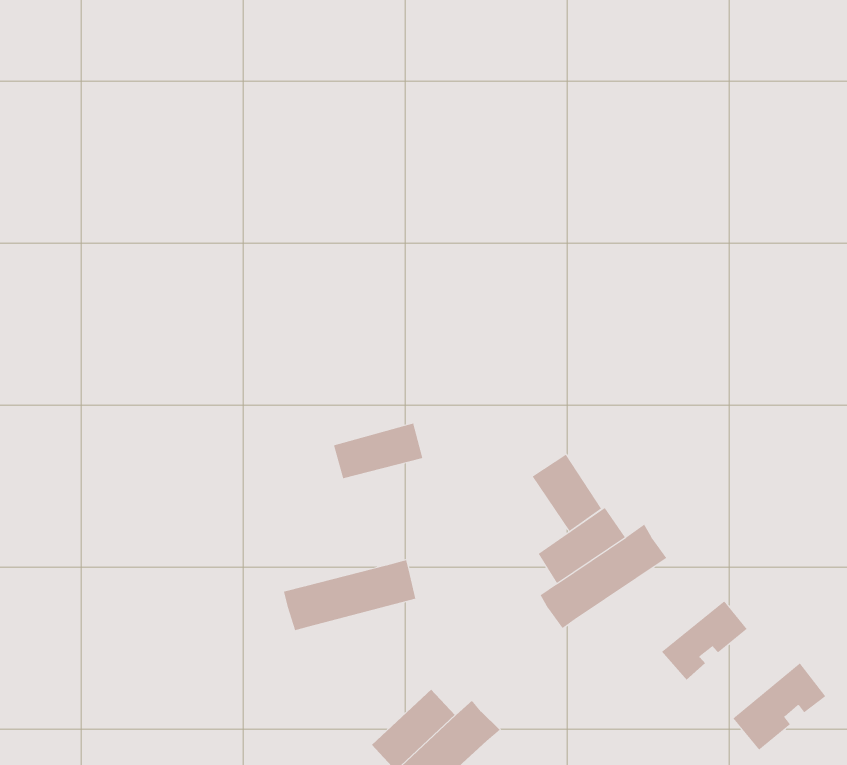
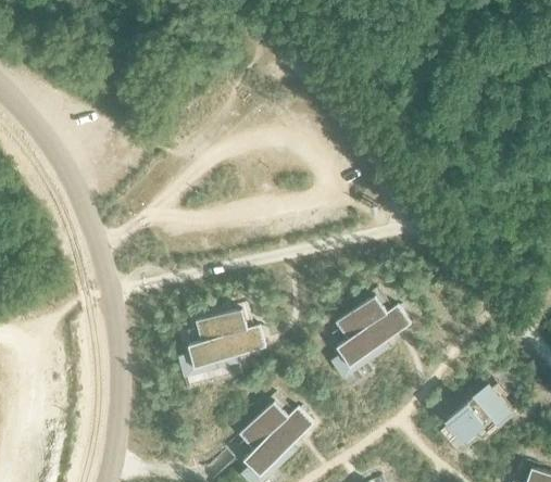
building: [333,423,423,479] -> [195,310,247,343]
building: [532,454,602,532] -> none
building: [661,600,748,681] -> none

